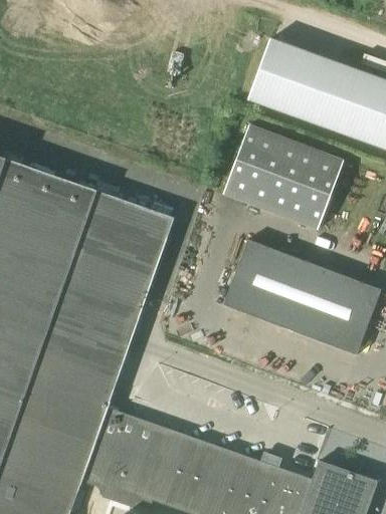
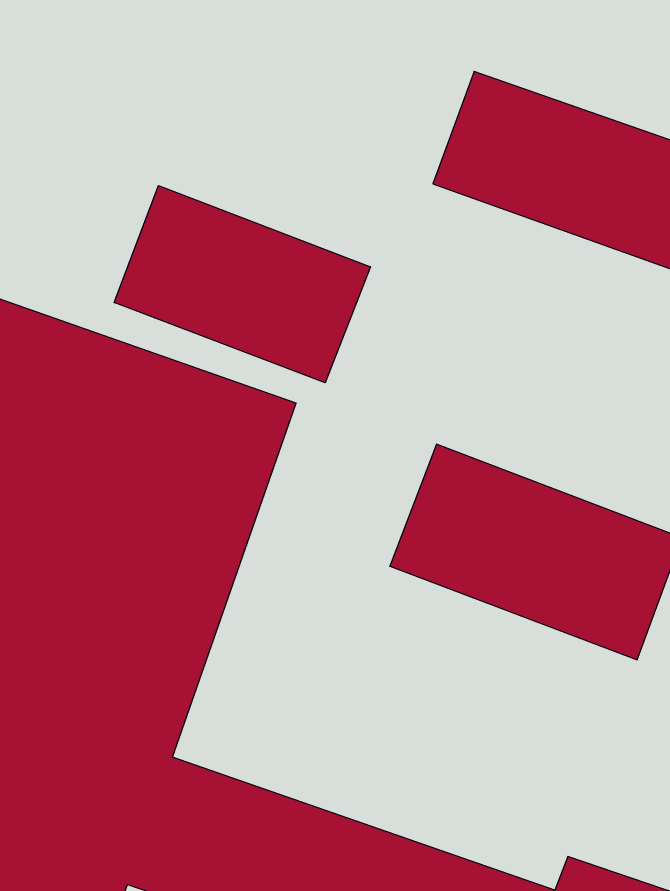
building: none -> [114,186,370,383]
building: [223,125,344,230] -> none

